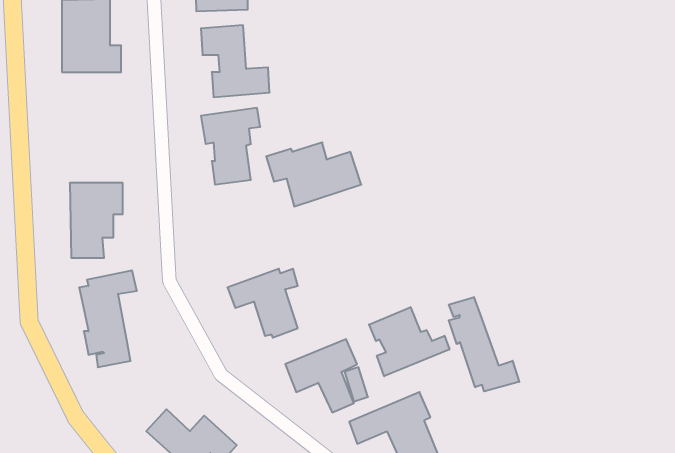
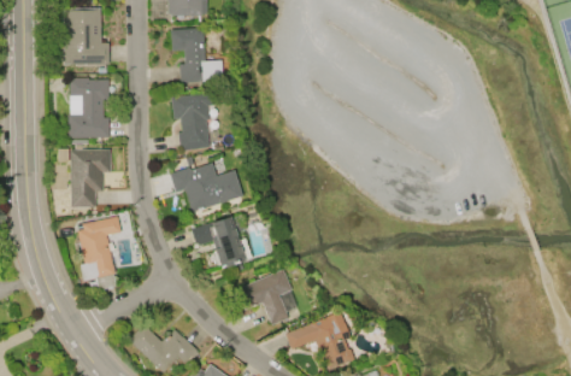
building: none -> [70,78,111,139]
building: [266,142,361,206] -> [170,163,243,212]
building: [449,297,519,391] -> none
building: [369,307,449,376] -> none

